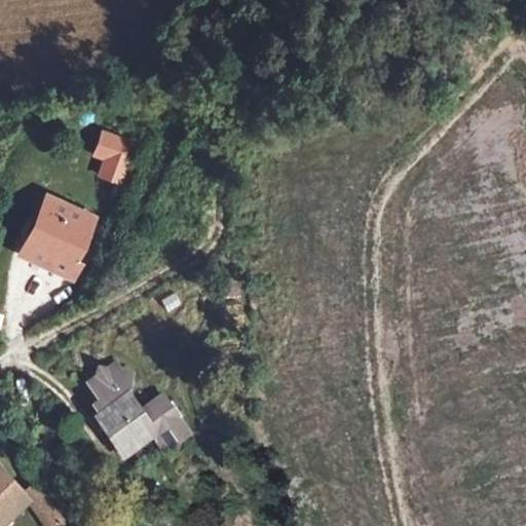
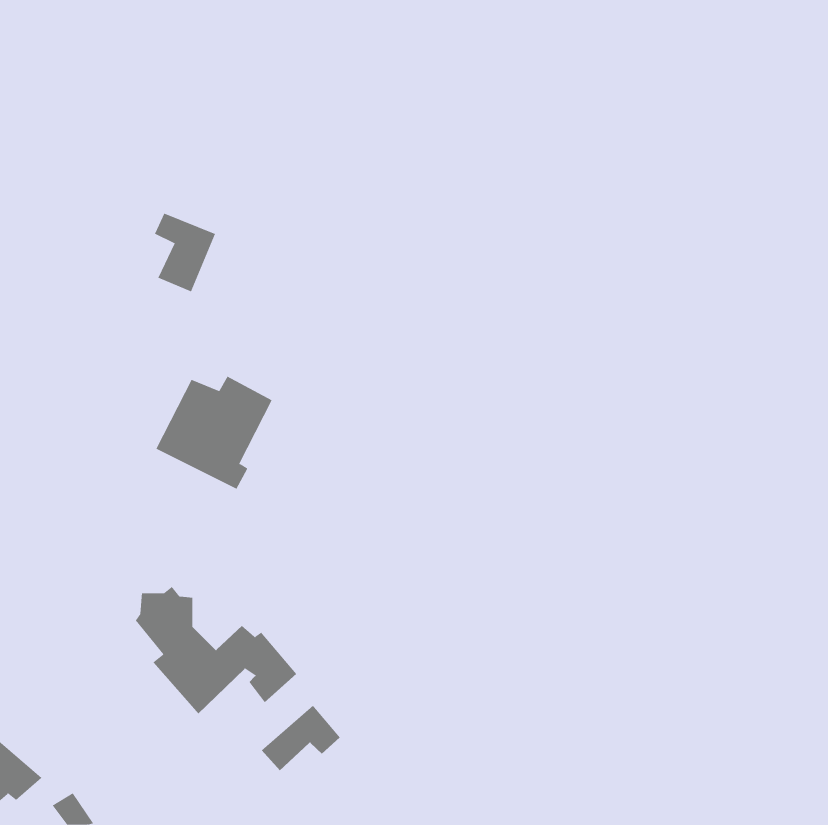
building: [22,206,96,278] -> [156,376,272,490]
building: none -> [261,705,341,771]

